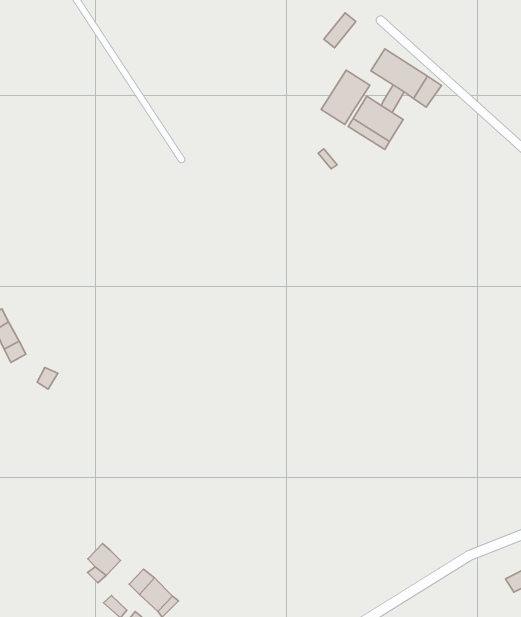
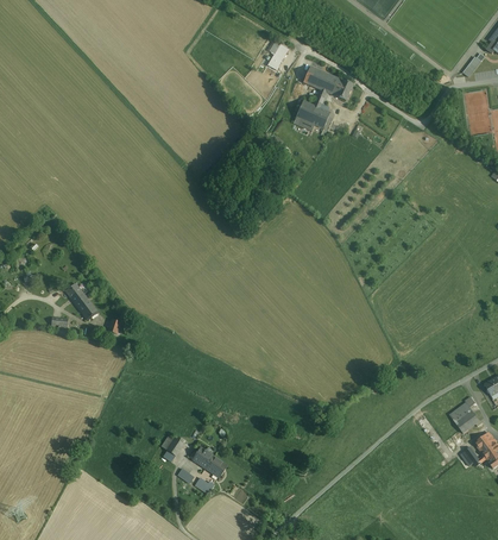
building: [321,70,370,125] -> none

